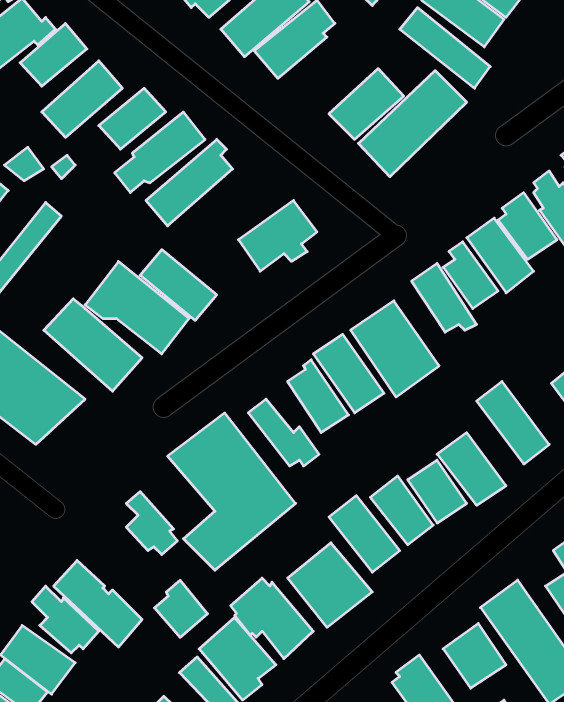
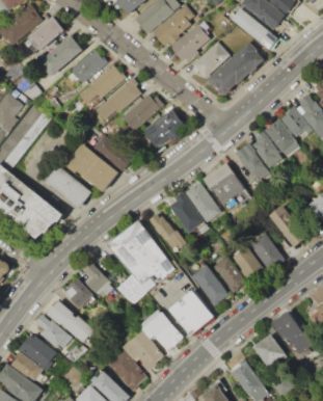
building: none -> [169,23,209,61]
building: none -> [122,93,163,130]
building: [154,580,208,637] -> [63,277,91,308]

